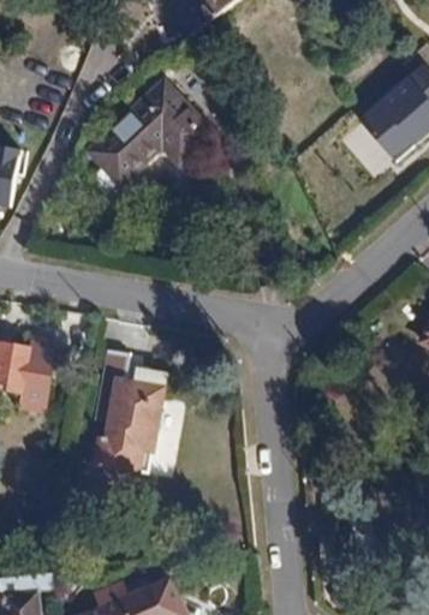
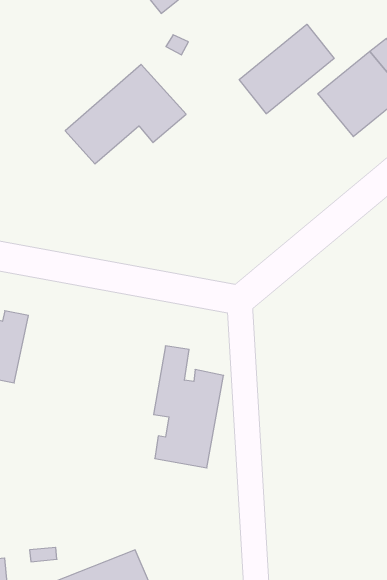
building: none -> [239,24,334,114]
building: [96,350,167,473] -> [154,346,224,468]

